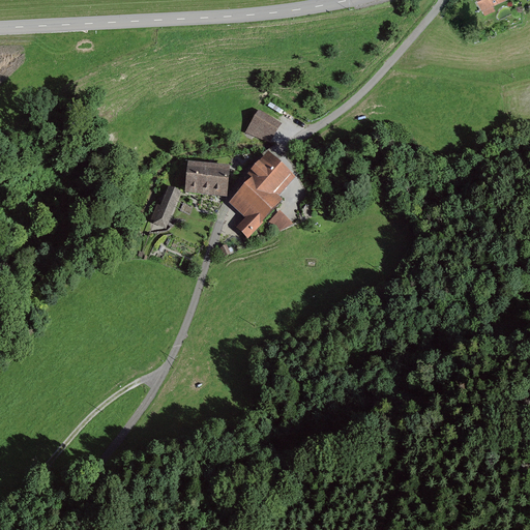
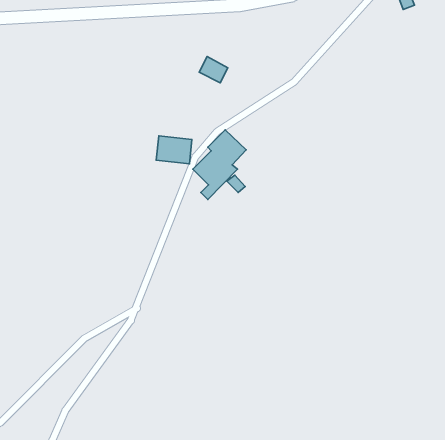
building: [247,106,282,137] -> [199,57,228,83]
building: [151,183,179,223] -> none

